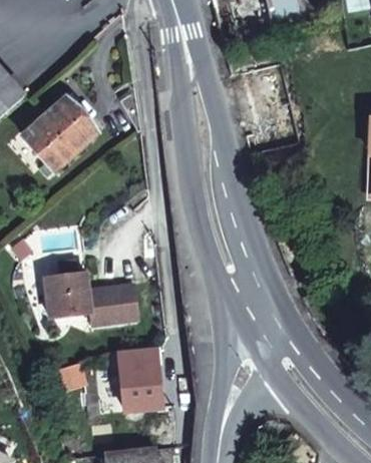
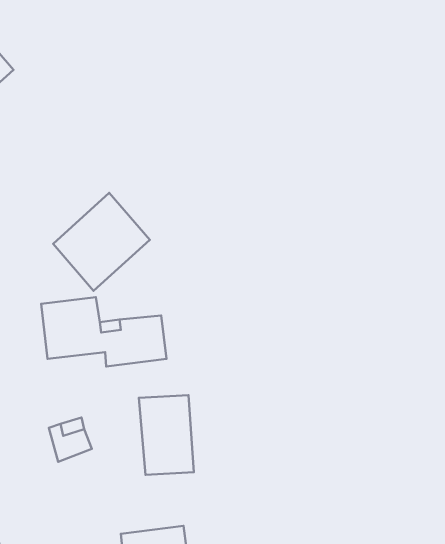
building: [21,95,95,170] -> [53,193,150,291]

